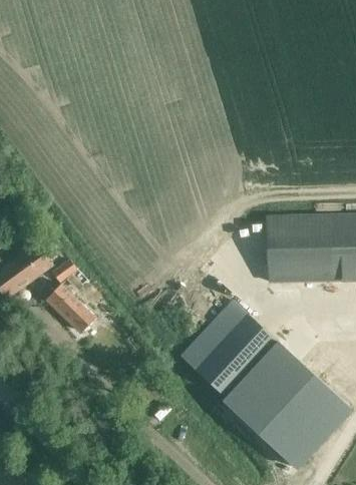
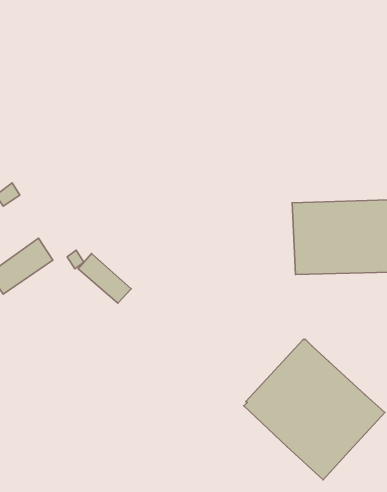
building: [48,289,96,334] -> [78,253,131,303]
building: [181,300,277,397] -> none

